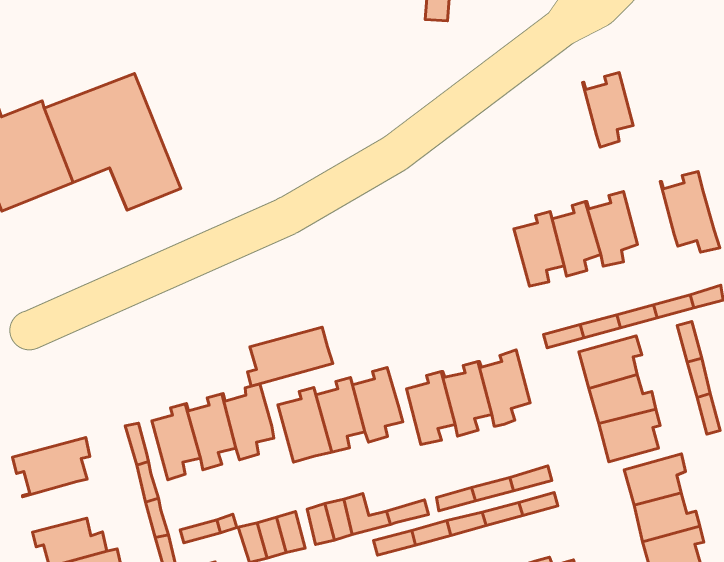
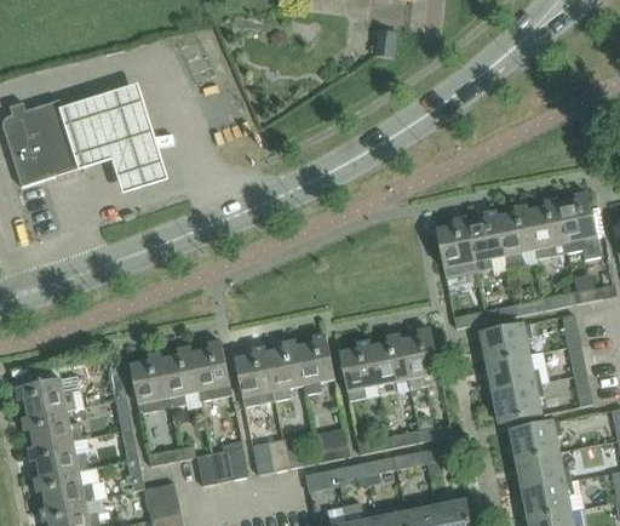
building: [582,72,633,147] -> [526,199,564,258]
building: [247,327,333,386] -> none
building: none -> [22,410,81,448]

